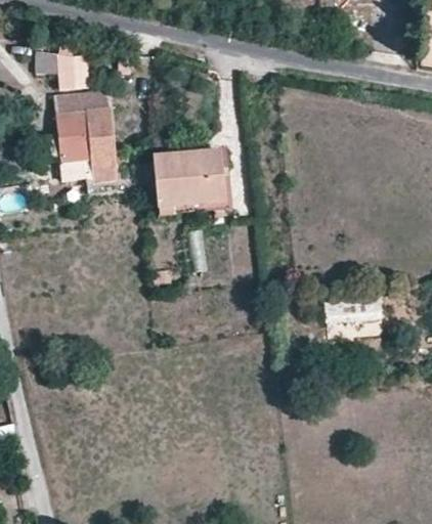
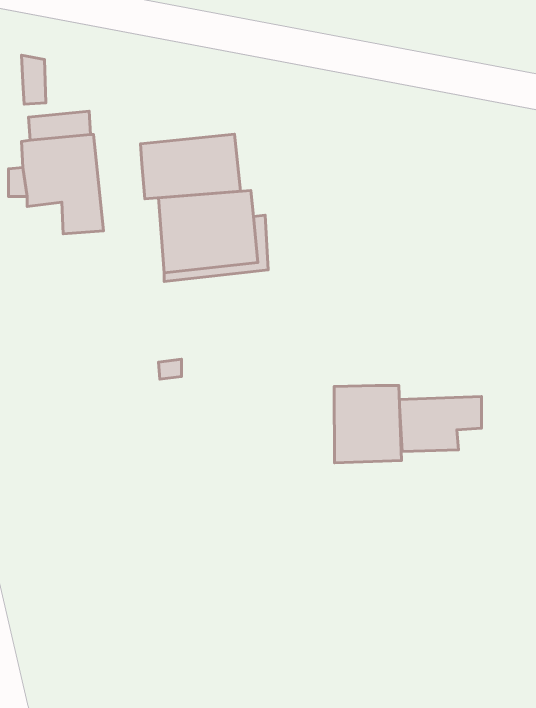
building: none -> [141,134,240,199]
building: none -> [334,385,401,463]

